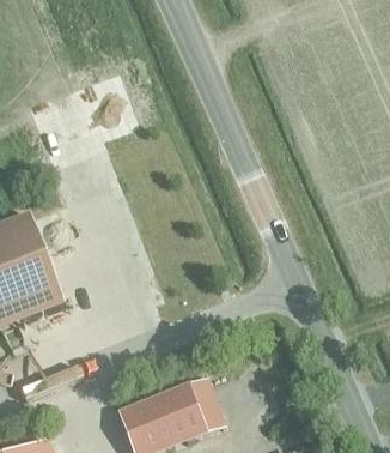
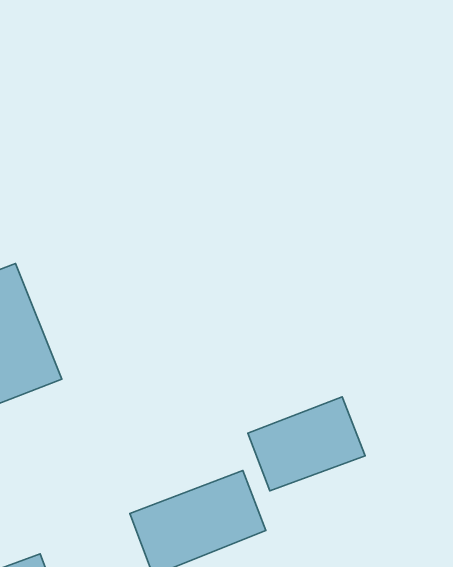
building: none -> [248,397,365,491]

